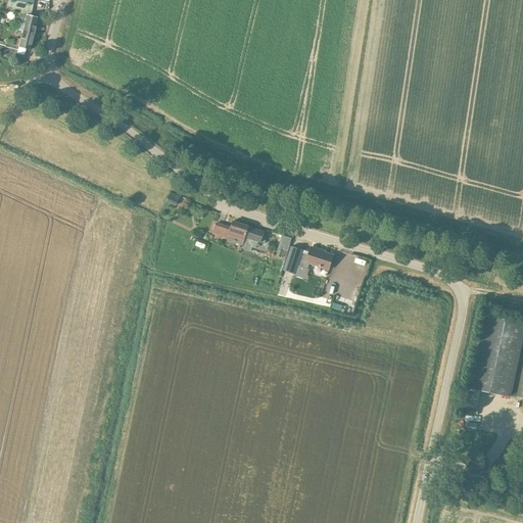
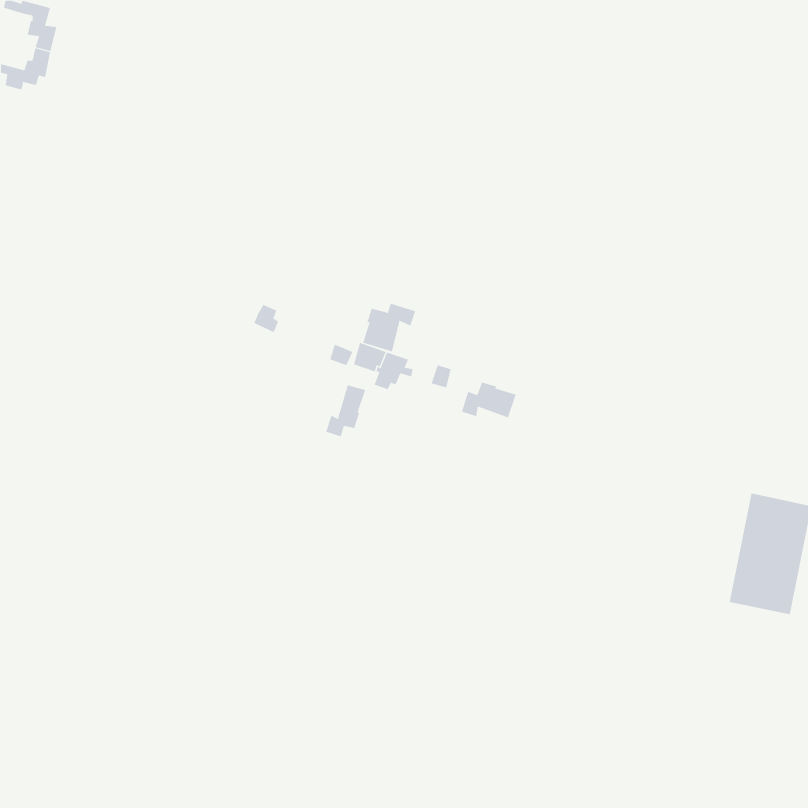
building: none -> [362,303,416,352]
building: none -> [325,384,366,437]

